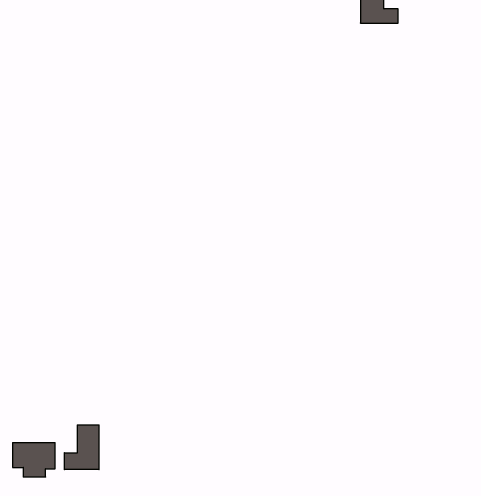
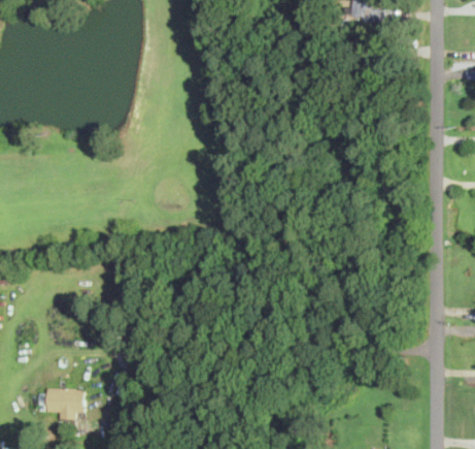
building: [64,425,99,470] -> none

